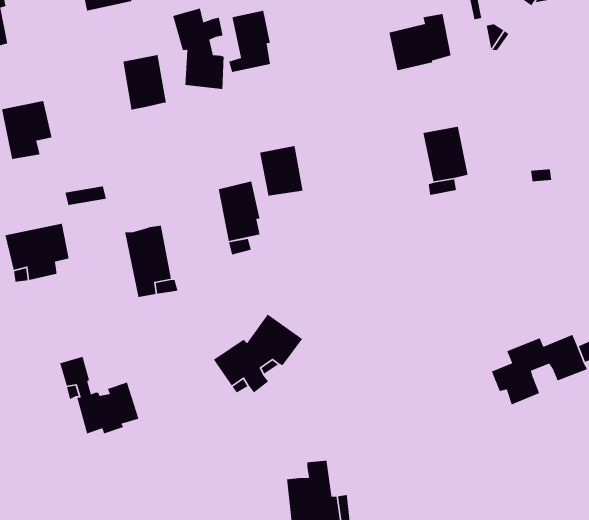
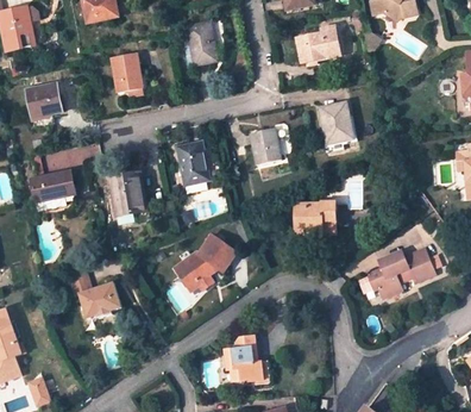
building: [172,7,224,90] -> none
building: [259,145,304,196] -> [250,127,281,163]
building: none -> [296,191,346,232]

